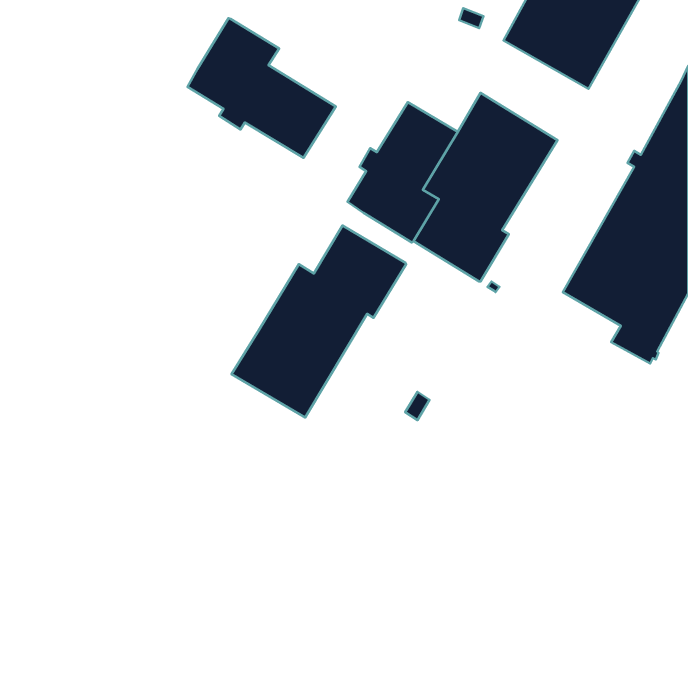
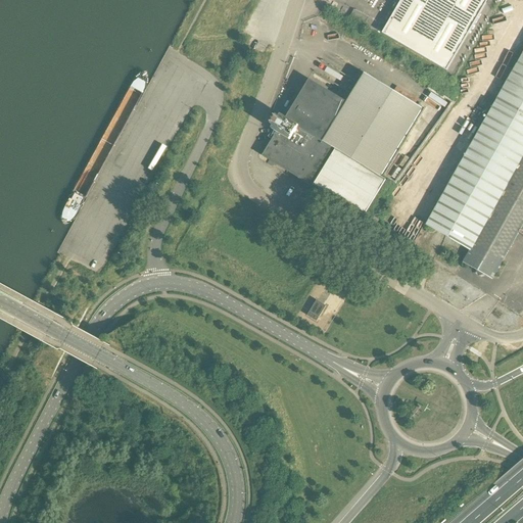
building: [187,18,336,158] -> none
building: [232,226,406,418] -> none

